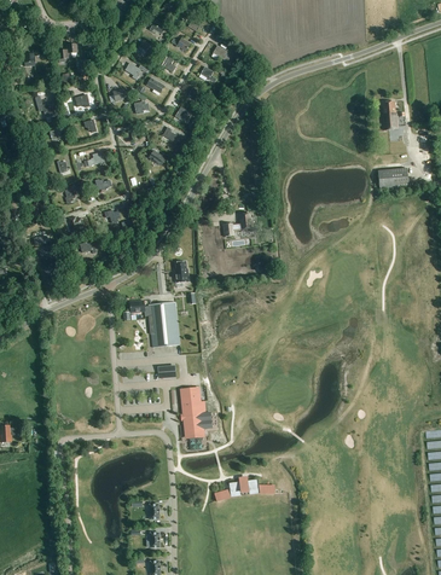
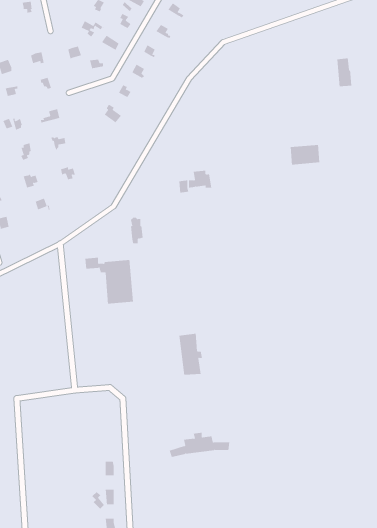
building: [378,168,408,188] -> [290,145,320,165]
building: [180,387,204,429] -> [179,333,203,375]

